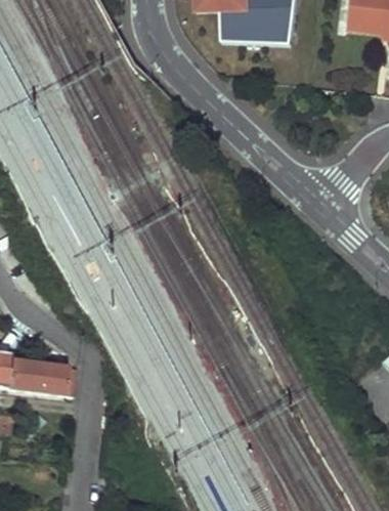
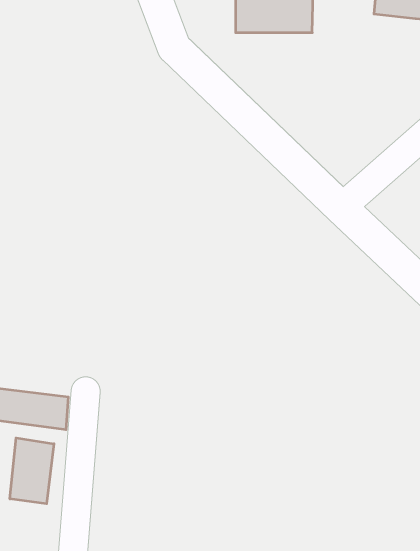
building: none -> [10,438,54,504]

